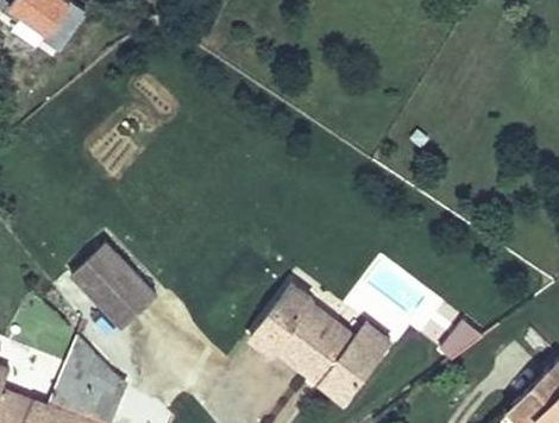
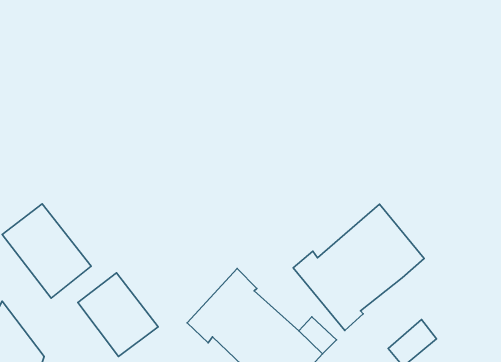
building: none -> [293,204,424,331]
building: none -> [78,273,158,356]

